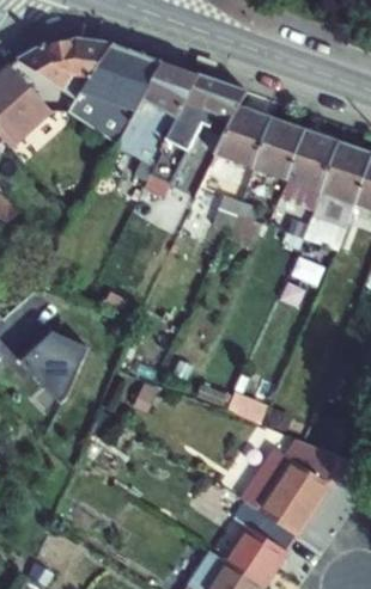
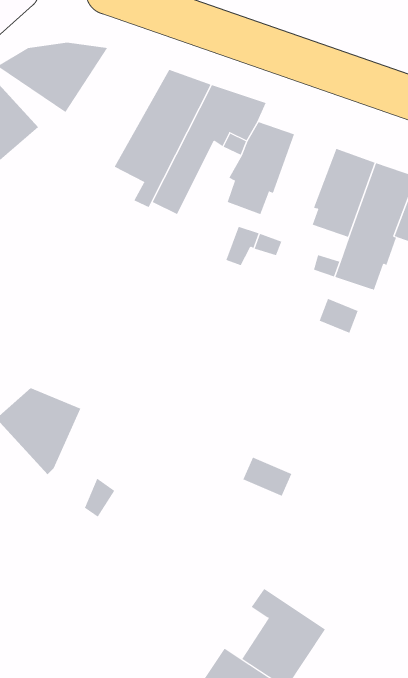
building: [68,44,163,145] -> none
building: [251,117,304,179] -> none
building: [241,437,349,535] -> none

